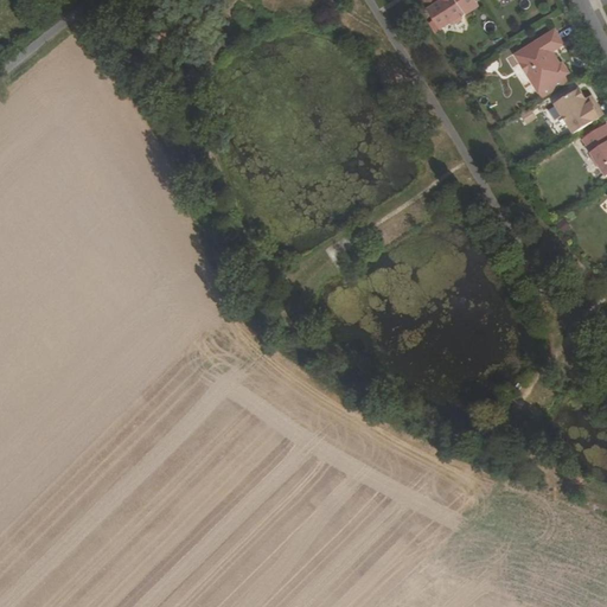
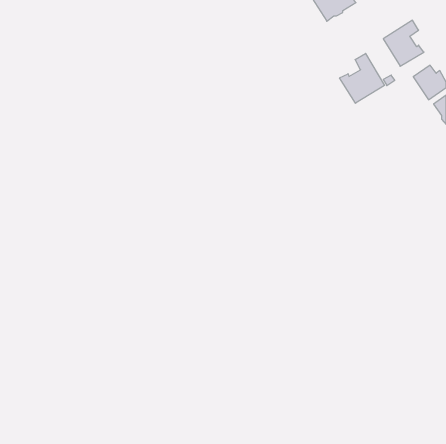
building: none -> [340,53,385,103]

